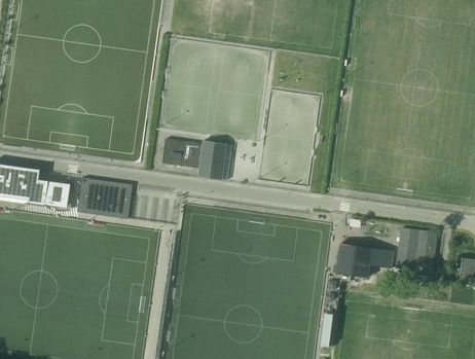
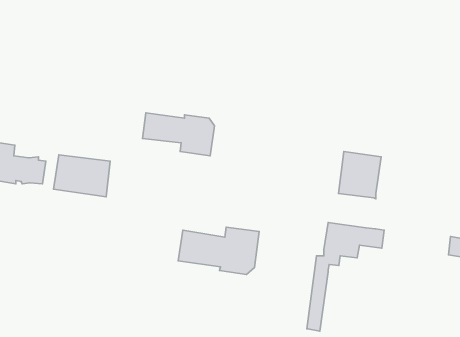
building: [397,228,438,274] -> [338,152,381,199]
building: none -> [178,227,259,274]

